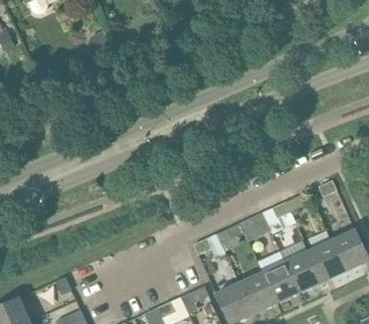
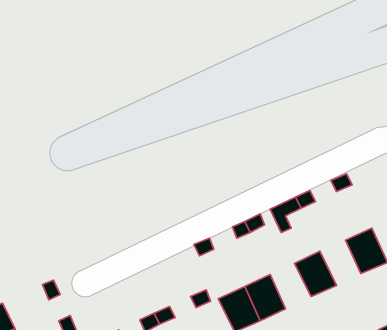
building: [308,239,345,281] -> none
building: [262,261,300,302] -> none

